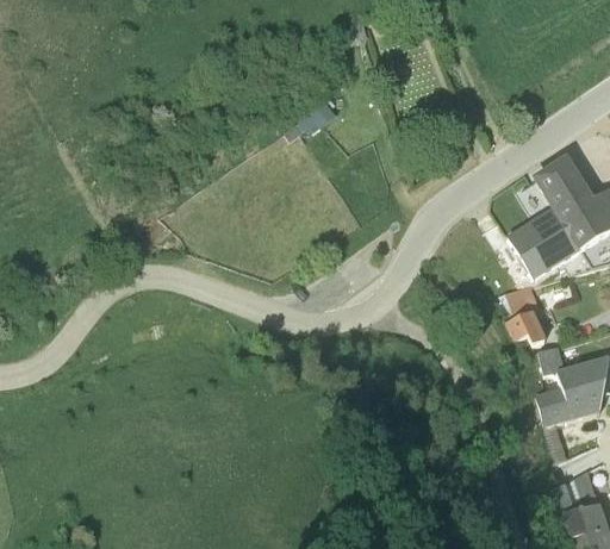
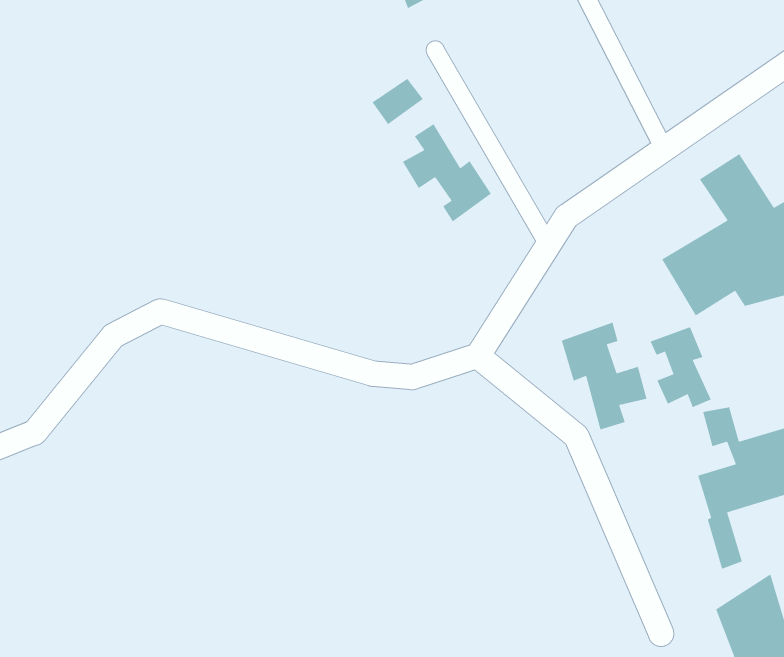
building: none -> [402,123,492,222]
building: none -> [561,322,647,430]

